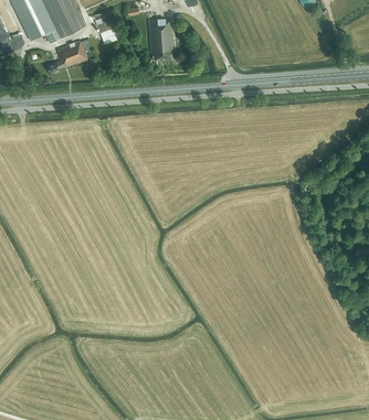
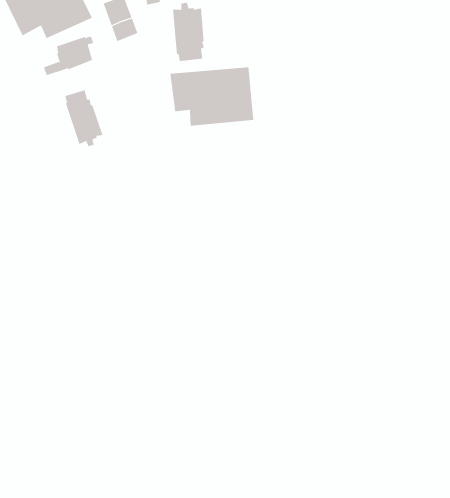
building: none -> [170,66,254,126]
building: none -> [65,90,103,147]

